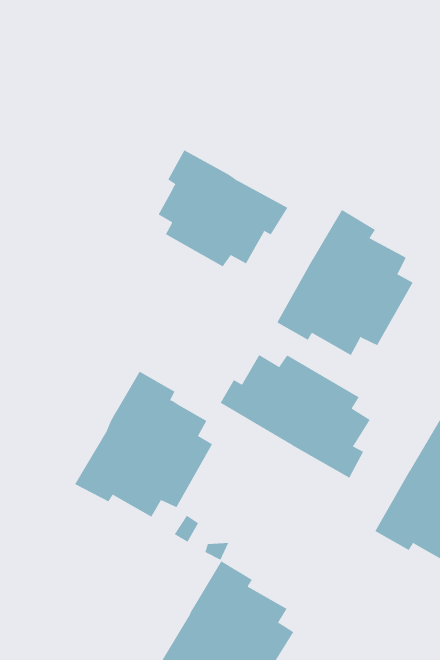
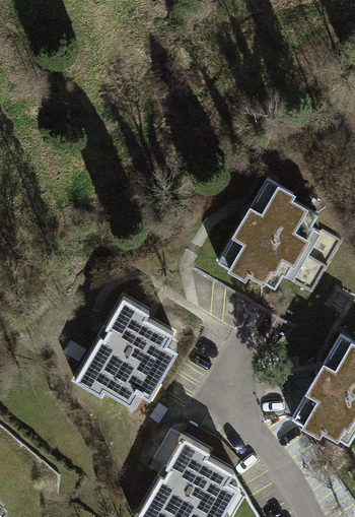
building: [158,149,288,267] -> none
building: [220,354,370,479] -> none

